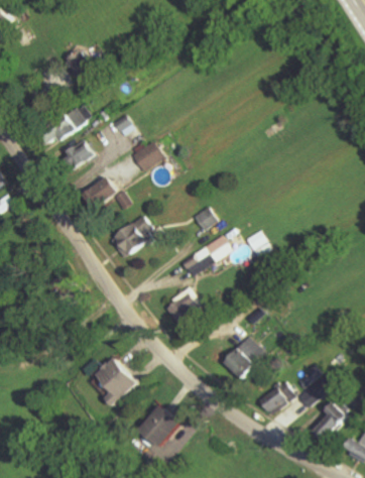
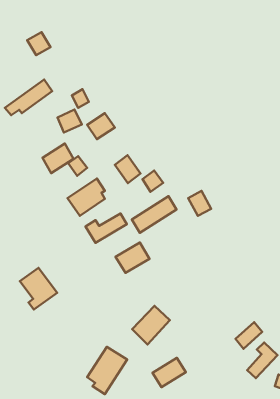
building: [65,139,92,165] -> [58,109,82,133]
building: none -> [115,155,141,183]
building: none -> [86,213,127,243]
building: [222,336,264,379] -> [132,306,170,344]
building: [93,358,135,405] -> [20,268,57,310]
building: [258,381,295,414] -> [153,358,186,387]

